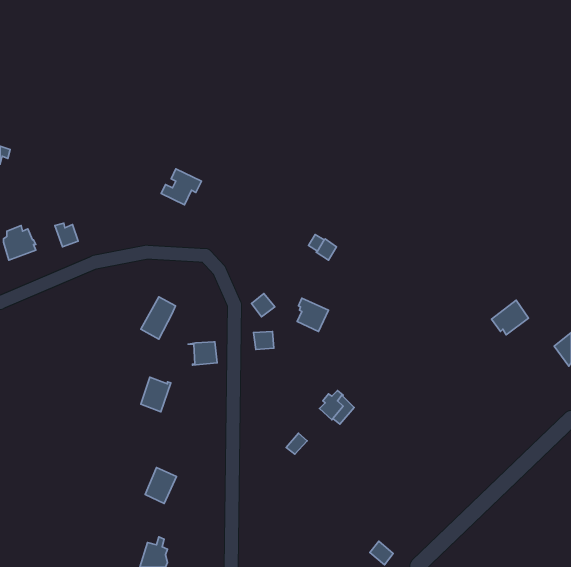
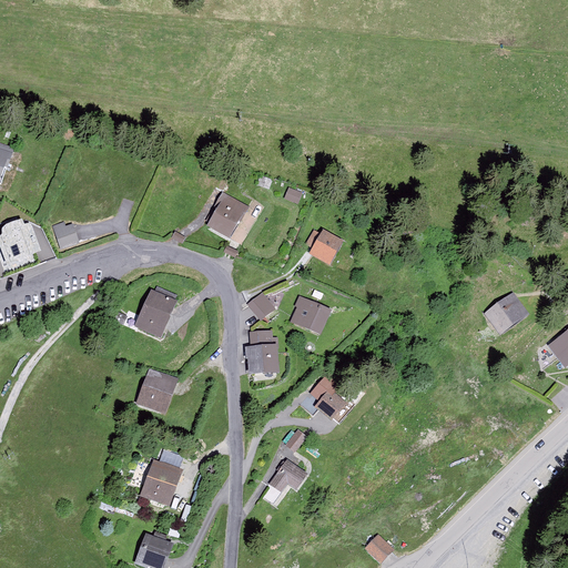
building: [161,169,201,205] -> [205,195,245,231]
building: [188,342,217,365] -> [246,346,275,369]
building: none -> [262,464,304,504]

